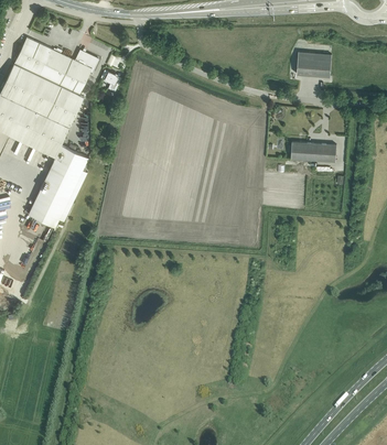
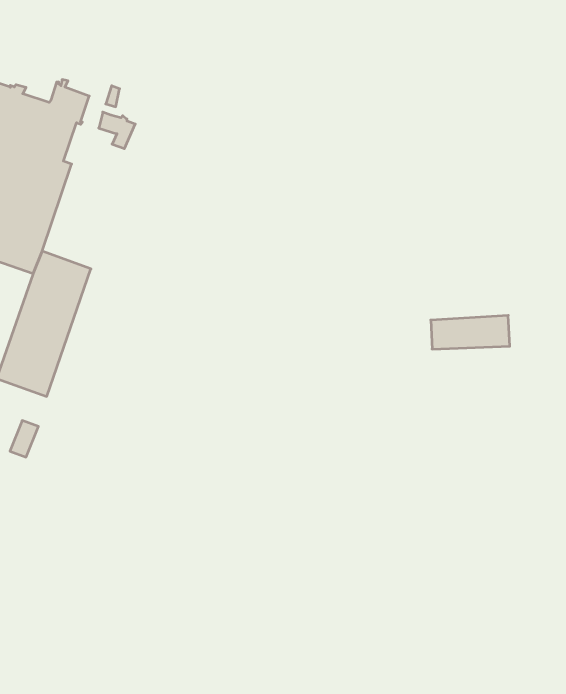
building: [297,53,332,78] -> none
building: [291,143,336,163] -> [431,315,510,349]

